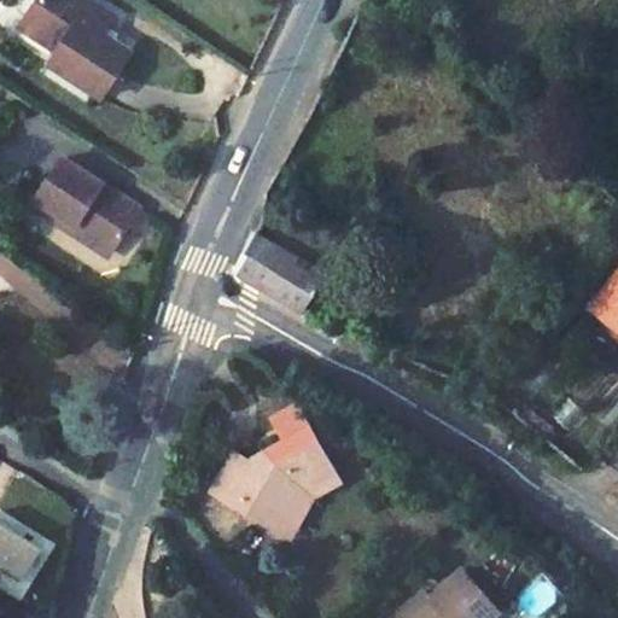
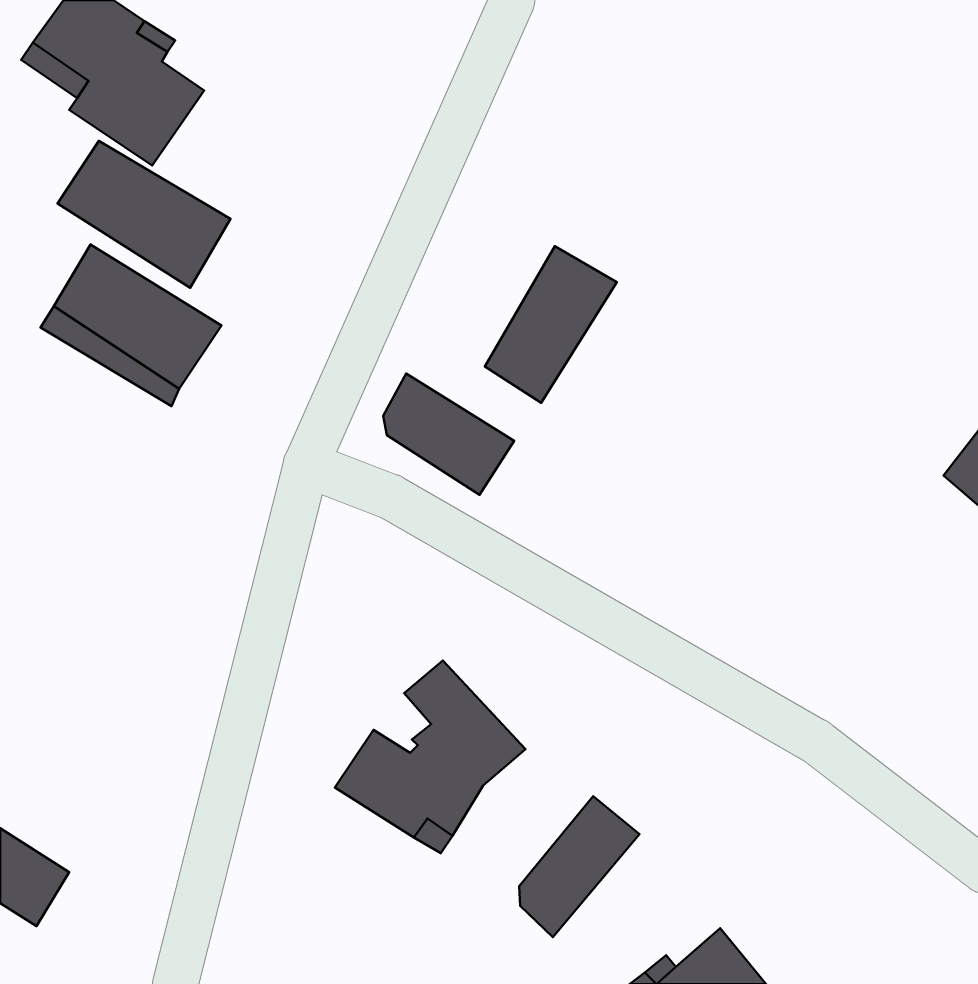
building: none -> [57,141,231,288]
building: none -> [485,246,617,403]
building: none -> [519,796,640,937]

